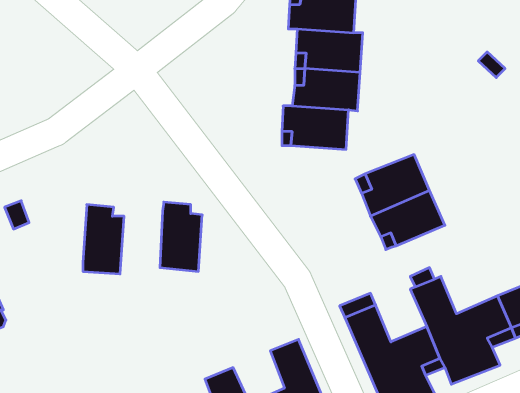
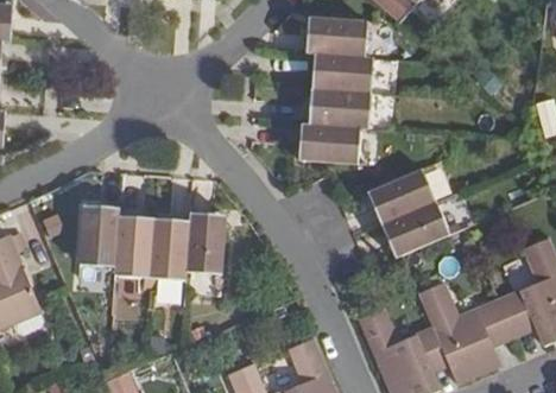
building: none -> [77,207,119,268]
building: none -> [149,218,188,281]

